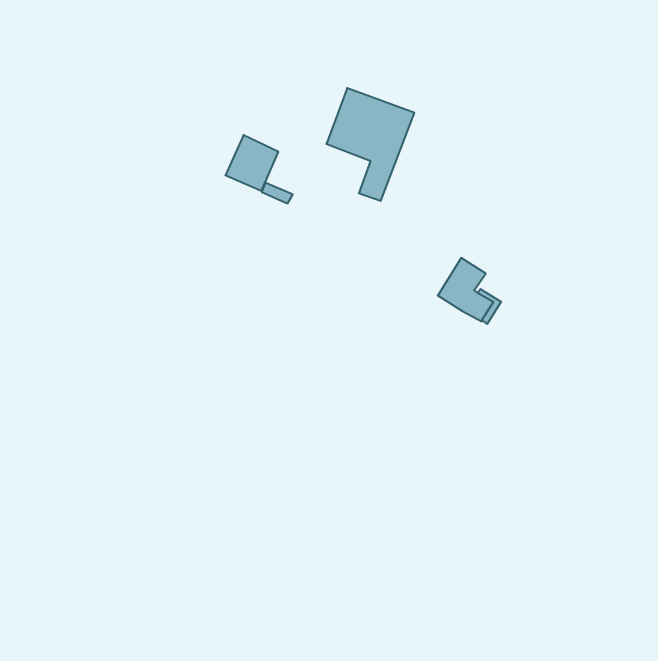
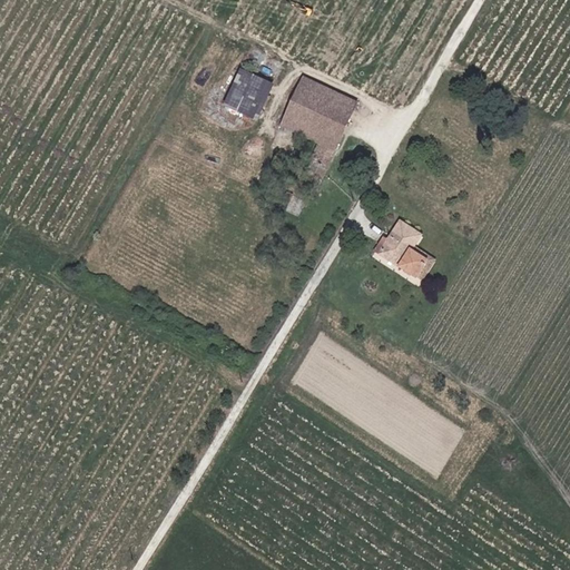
building: [225,135,278,191] -> [225,68,271,116]

